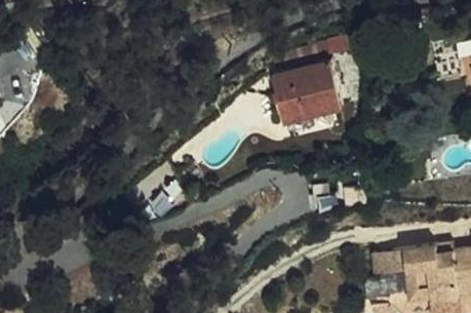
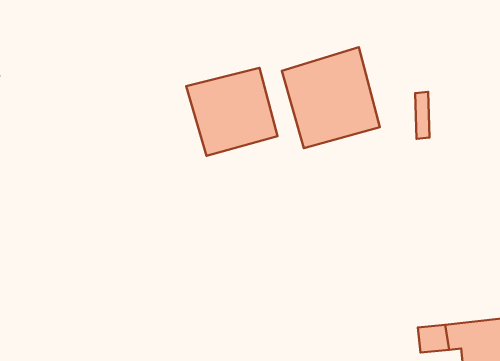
building: none -> [186,68,277,156]

